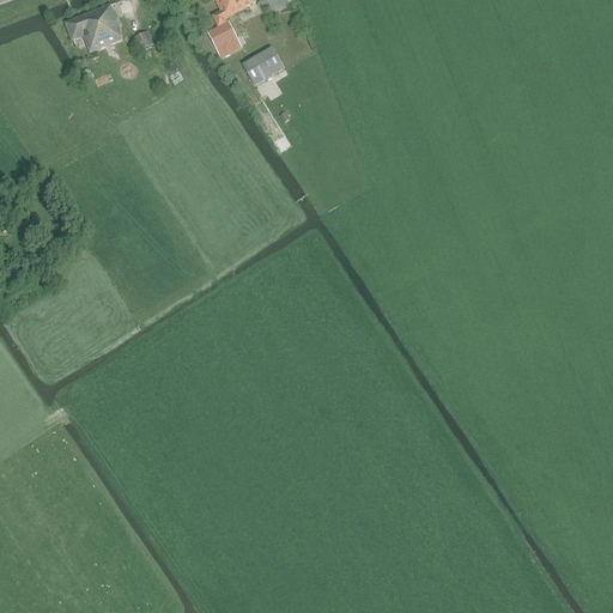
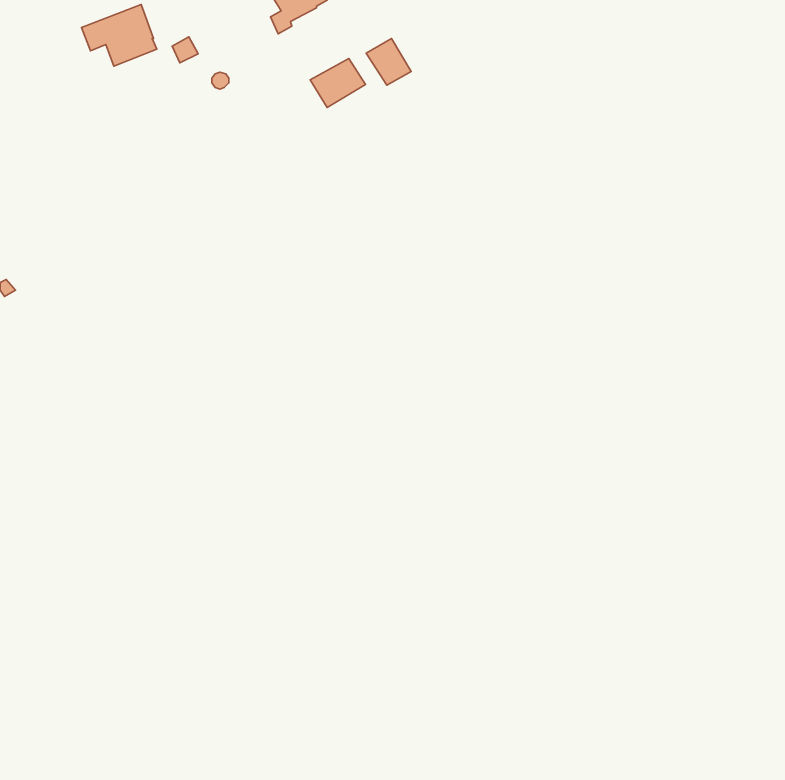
building: [207,20,241,56] -> none
building: none -> [366,38,411,85]

